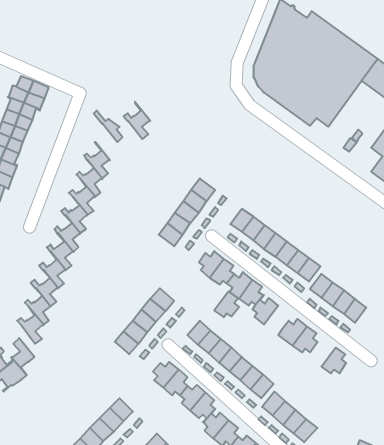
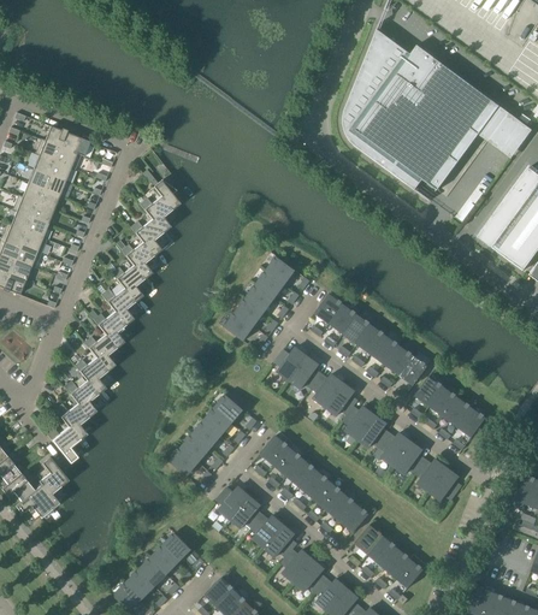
building: [124,102,150,139] -> [138,185,172,232]
building: [214,291,239,317] -> [356,415,388,448]
building: none -> [414,459,447,492]

